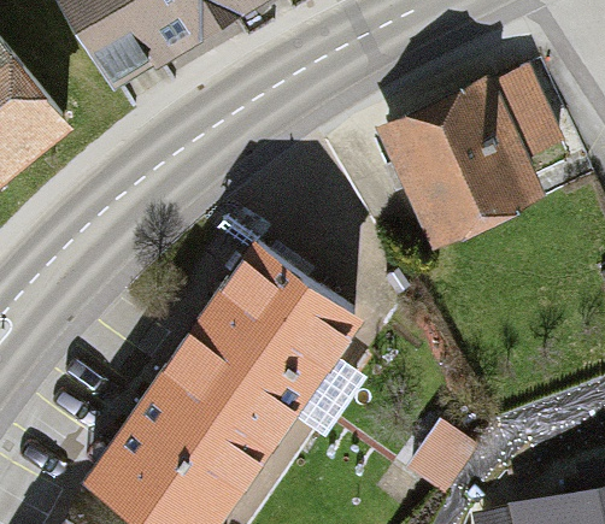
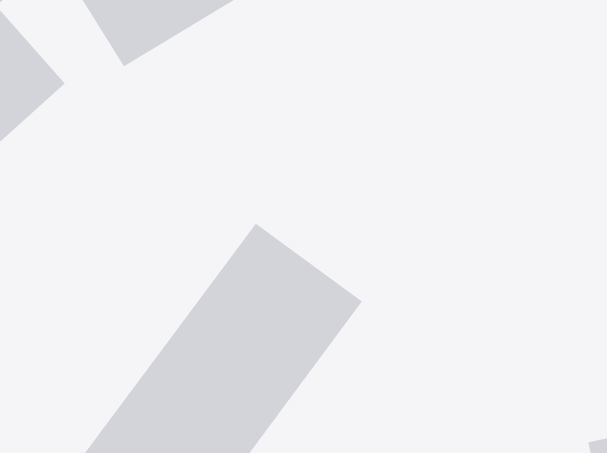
building: [378,61,562,241] -> none

